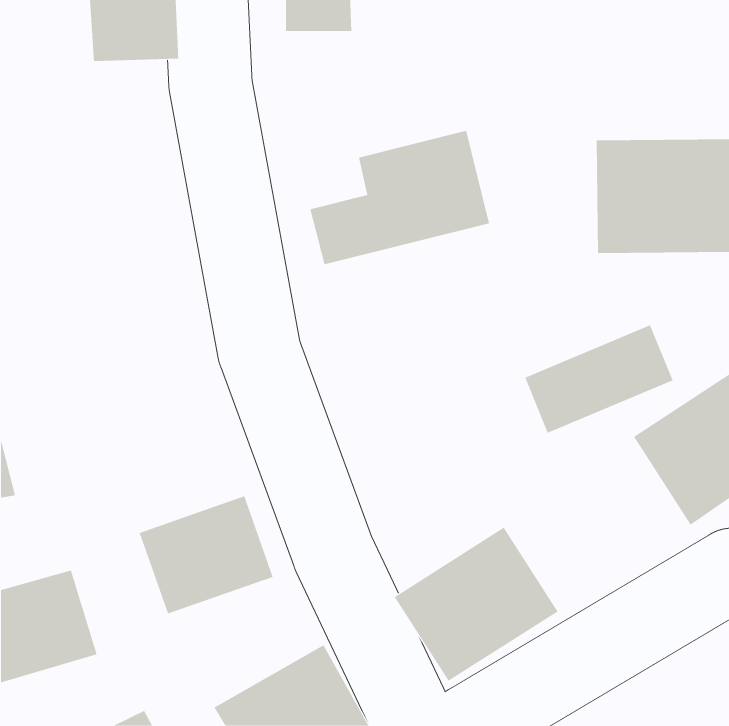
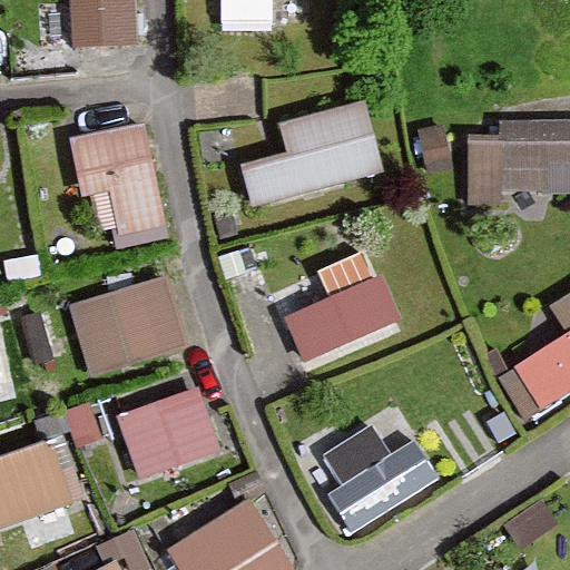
building: none -> [63,127,158,240]
building: [524,325,673,433] -> [288,277,404,362]
building: none -> [68,277,185,382]

